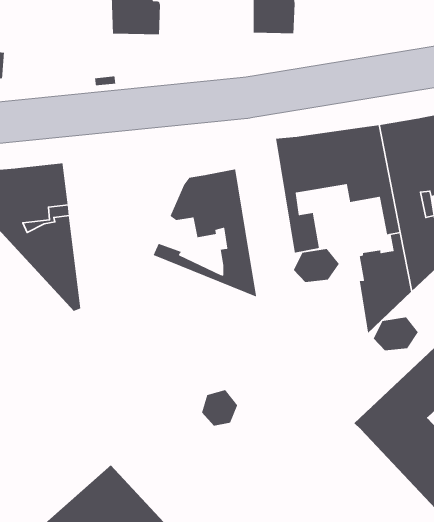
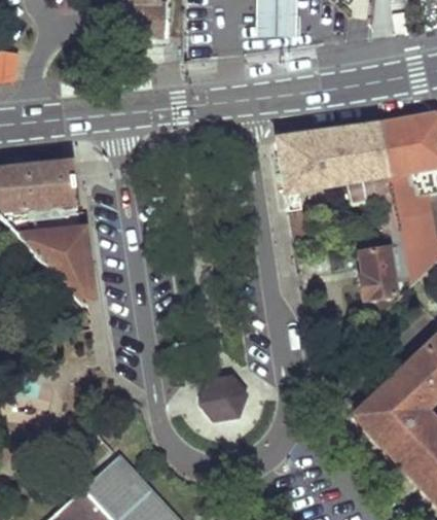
building: [152,169,257,298] -> none
building: [293,248,340,283] -> none
building: [373,317,419,351] -> none

